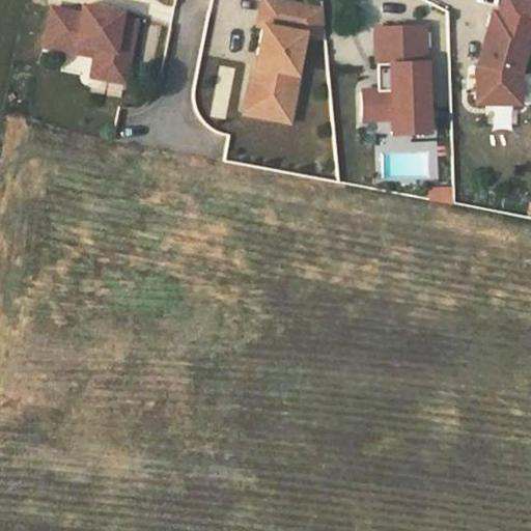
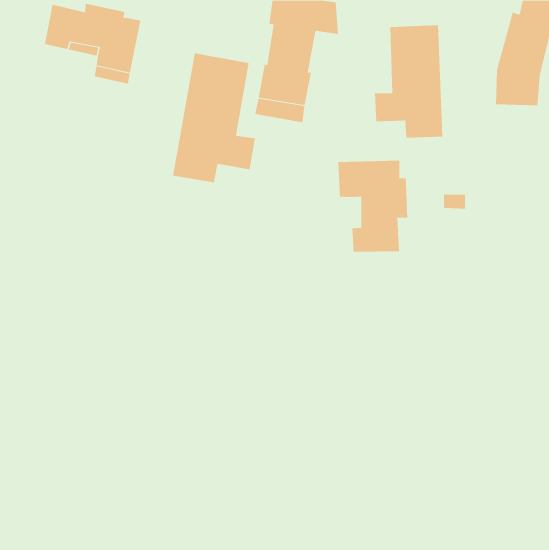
building: none -> [172,53,256,183]
building: none -> [338,160,408,252]

